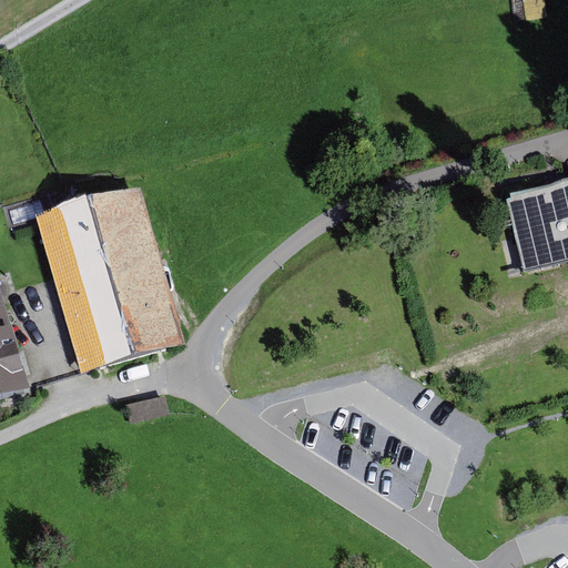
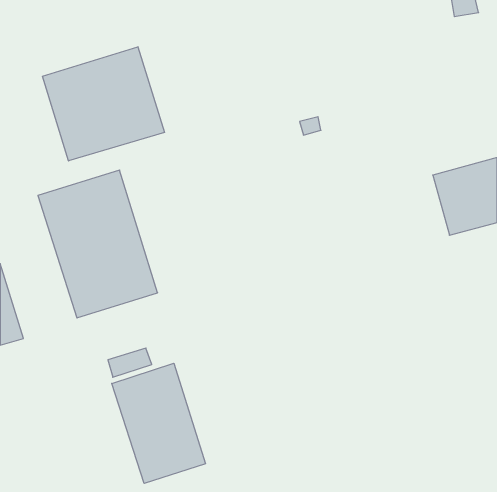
building: none -> [43,47,164,161]
building: none -> [112,363,206,483]

